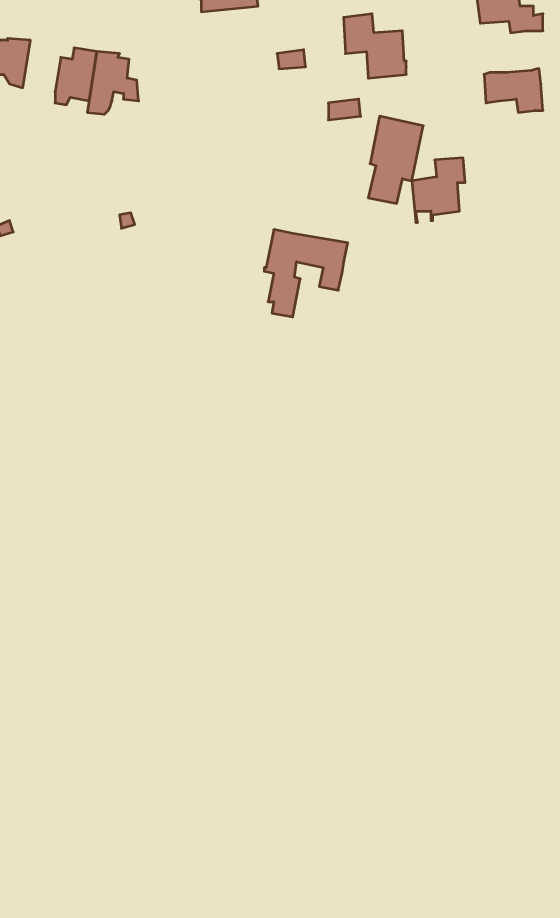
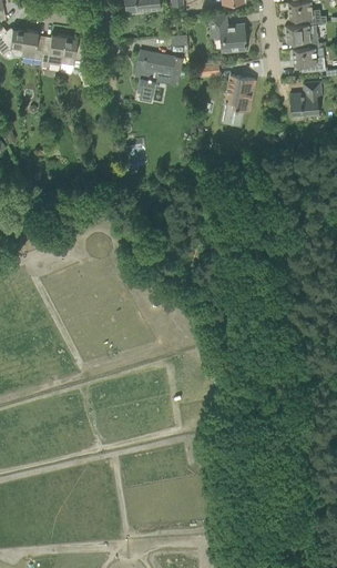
building: none -> [284,23,318,48]
building: none -> [21,29,43,59]
building: [412,158,465,222] -> [289,81,320,119]
building: [264,230,348,317] -> [134,50,183,101]

